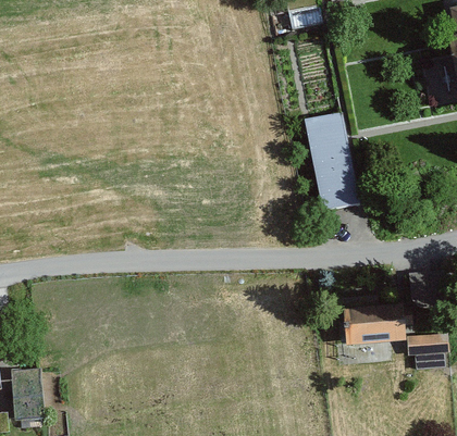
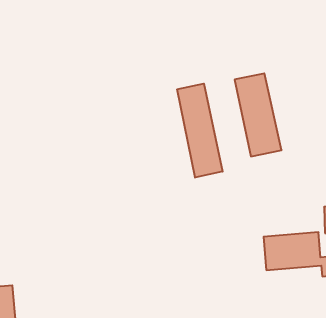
building: none -> [177,84,223,178]

